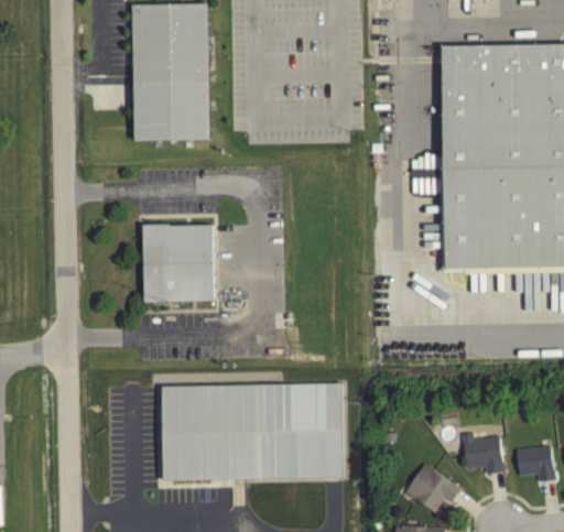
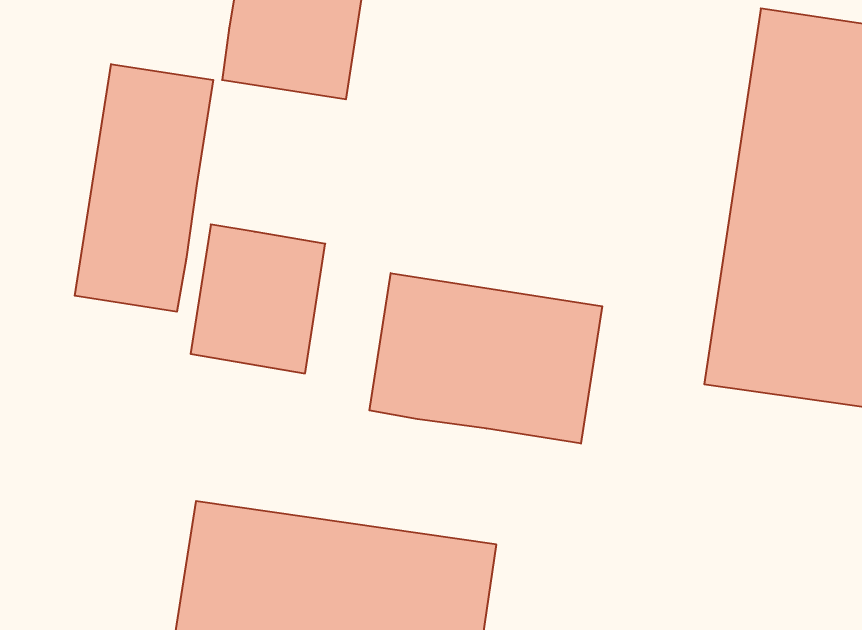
building: none -> [75,64,213,312]
building: none -> [369,273,602,444]

